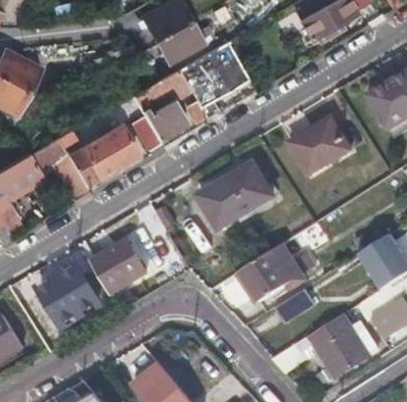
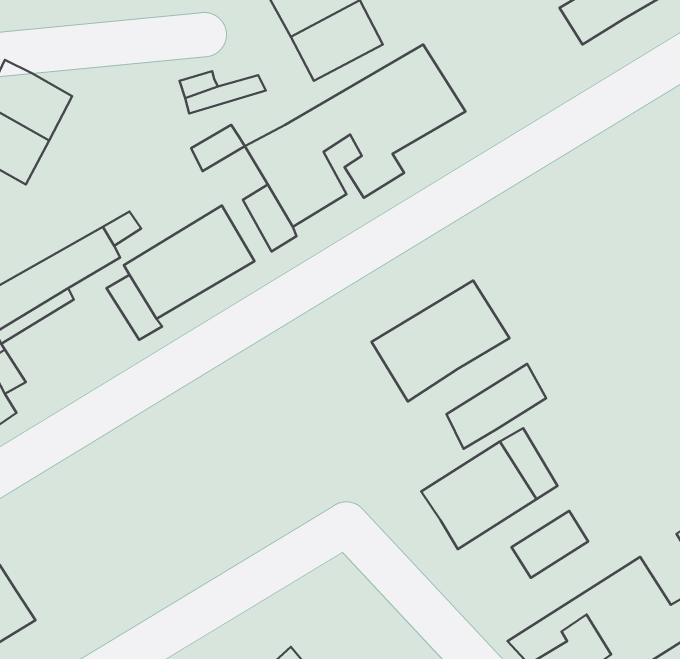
building: [293,119,353,174] -> none
building: none -> [446,364,546,449]
building: [91,243,147,296] -> none
building: [40,272,97,324] -> none

